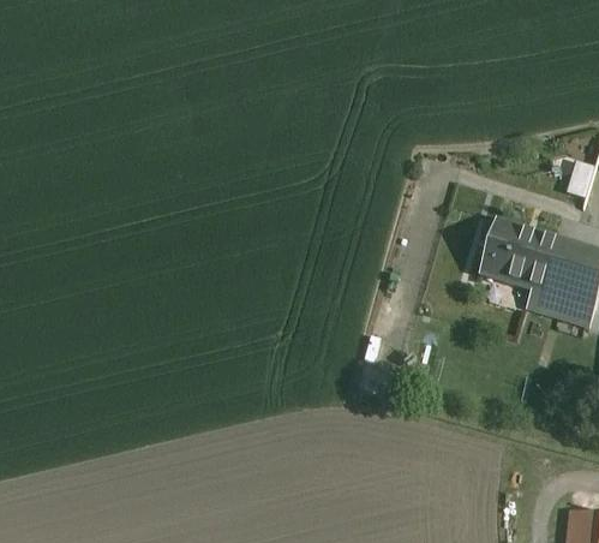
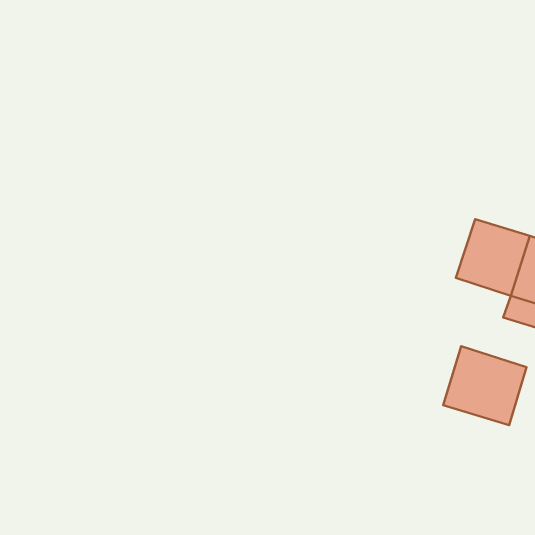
building: none -> [443,346,526,425]

